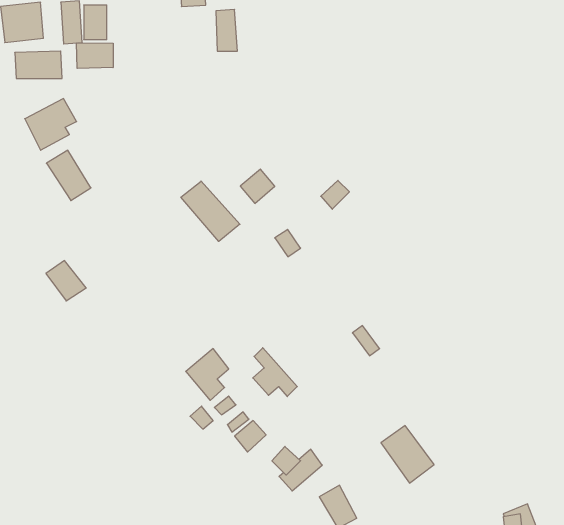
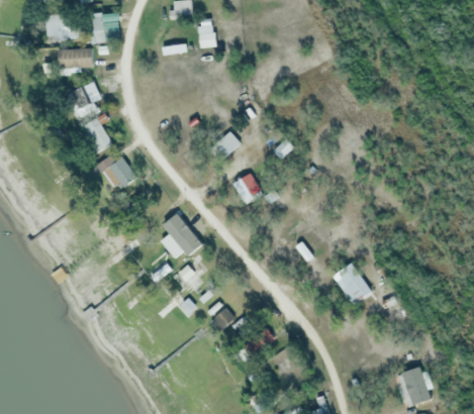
building: [77,43,113,68] -> none
building: [181,181,240,241] -> none
building: [46,261,86,301] -> [108,158,136,186]
building: [253,348,297,397] -> [169,215,200,249]
building: [381,426,434,483] -> [334,264,371,304]

